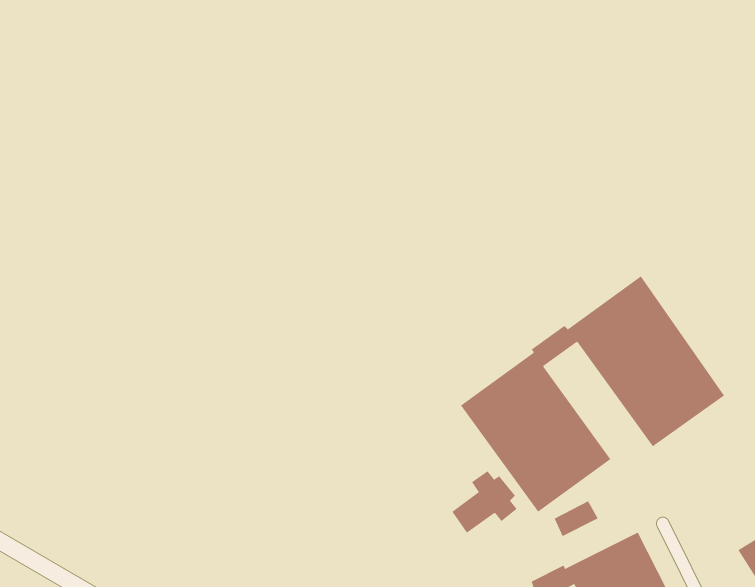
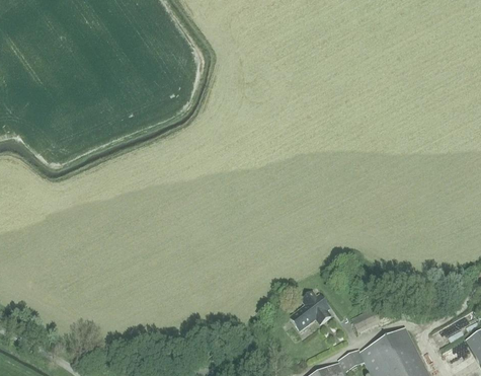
building: [460,276,725,513] -> none

